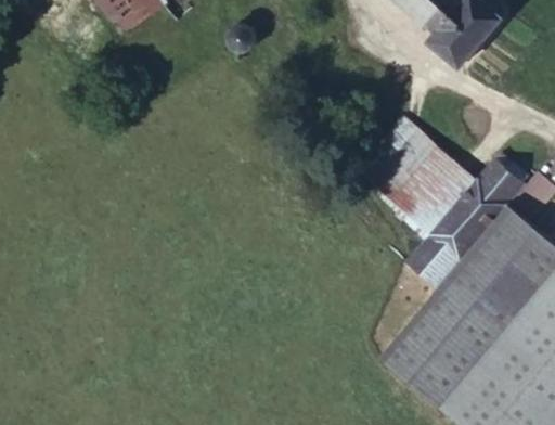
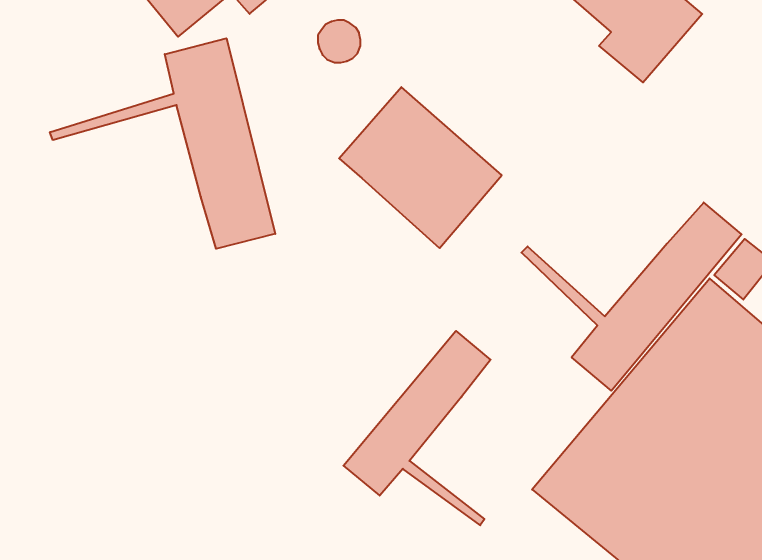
building: none -> [50,38,275,249]
building: [362,120,478,235] -> [339,87,502,248]
building: none -> [343,331,491,525]

